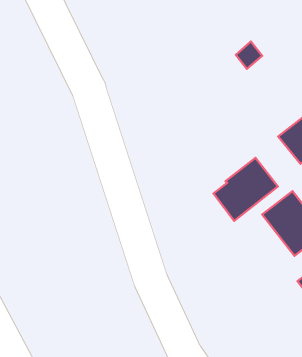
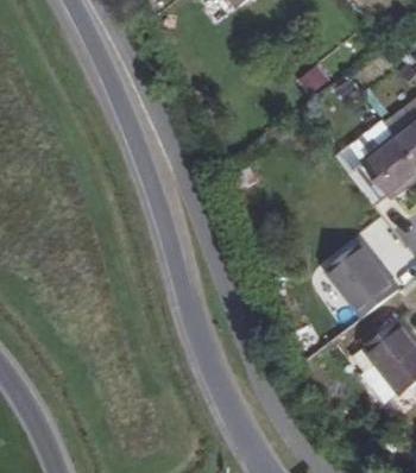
building: [214,158,278,221] -> none

